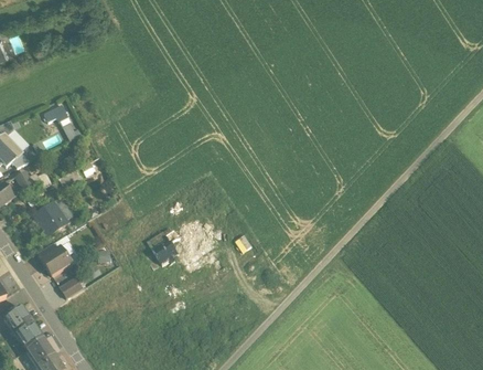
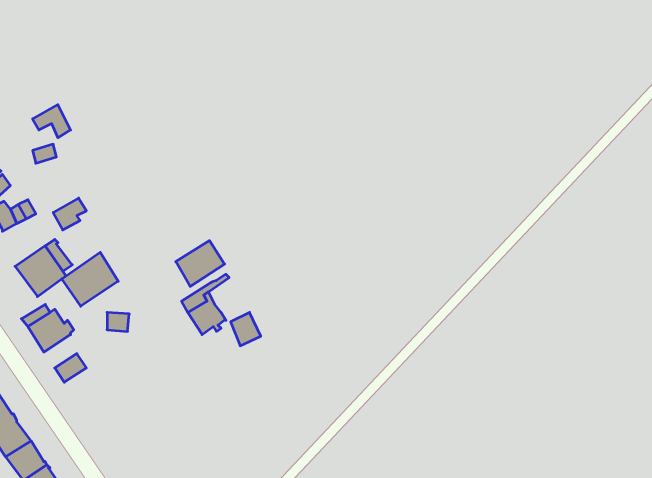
building: none -> [176,241,225,286]
building: none -> [62,252,118,306]

